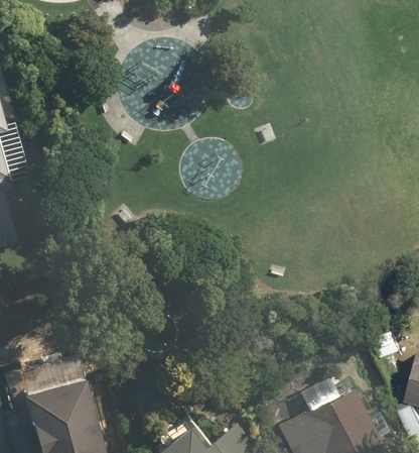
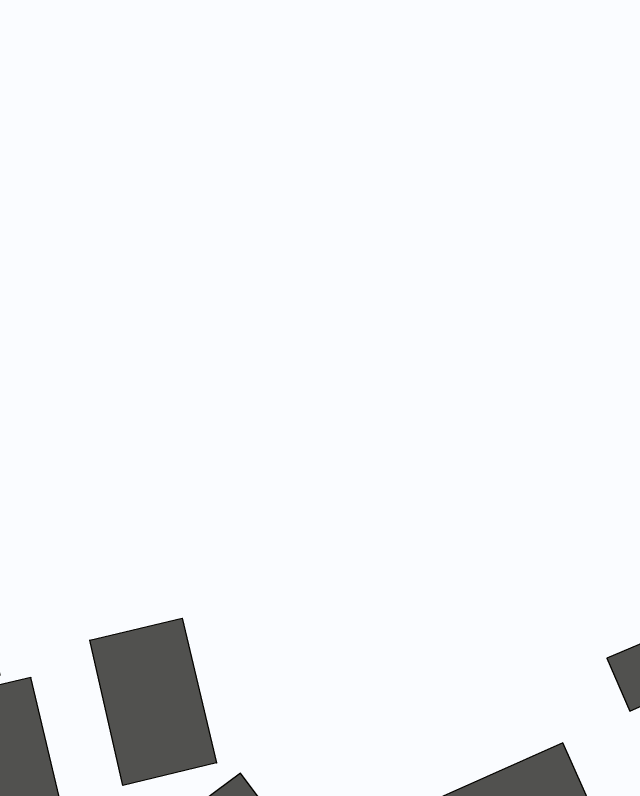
building: none -> [90,618,217,785]

